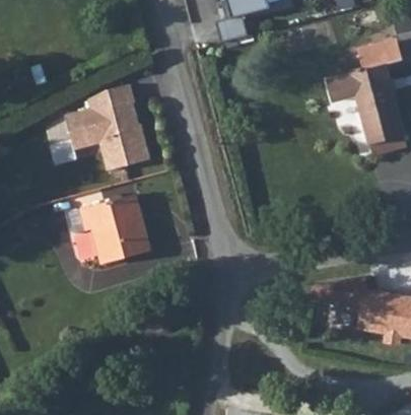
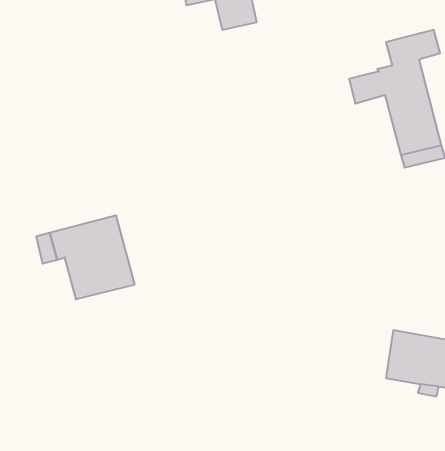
building: [65,83,149,169] -> none

